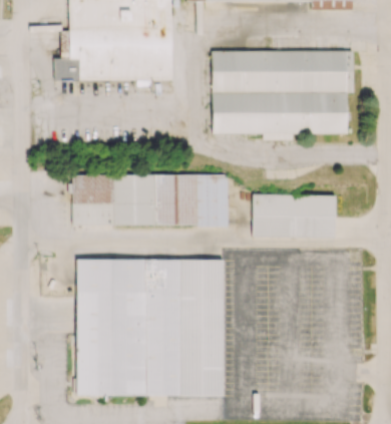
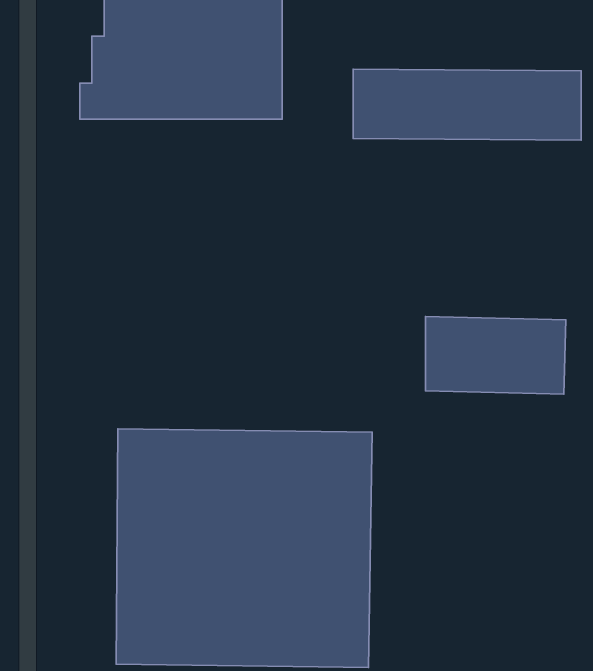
building: [214,92,346,139] -> none
building: [72,174,228,226] -> none

